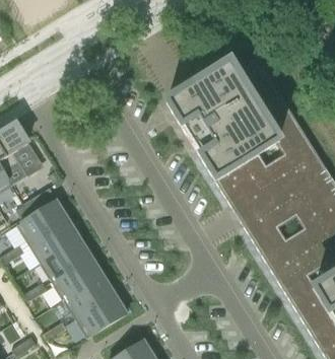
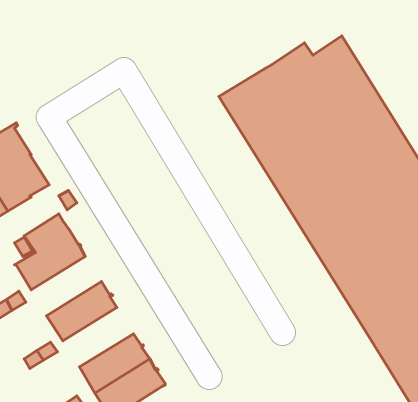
building: [27,218,79,262] -> none
building: [51,256,103,299] -> none

